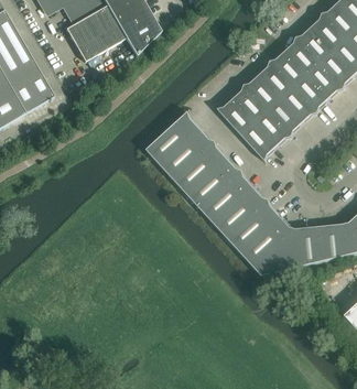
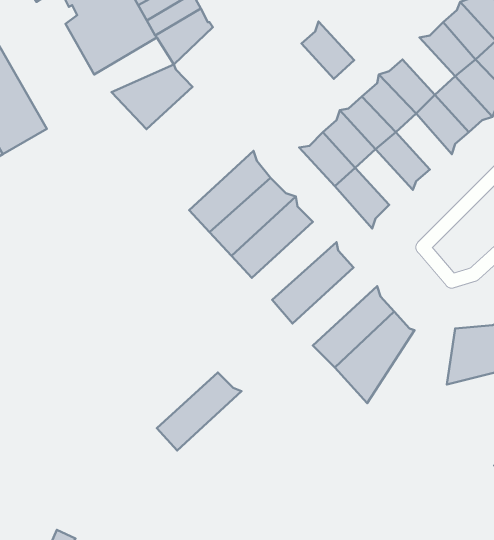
building: [285,36,320,74] -> [302,21,354,79]
building: none -> [112,64,193,129]
building: [281,86,317,122] -> none
building: [255,109,292,145] -> none
building: [187,156,242,207] -> none
building: [214,186,269,237] -> [157,372,242,450]
building: [262,226,320,274] -> none

